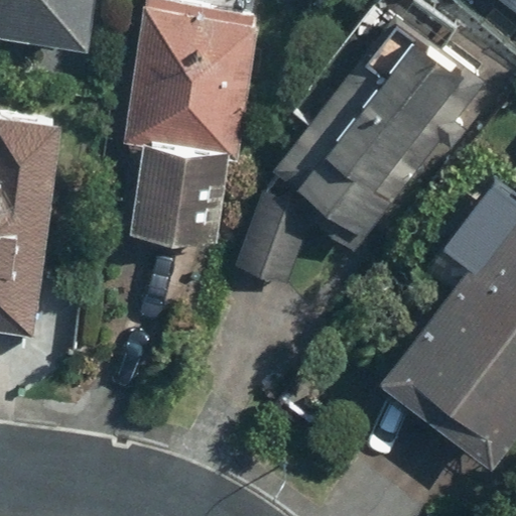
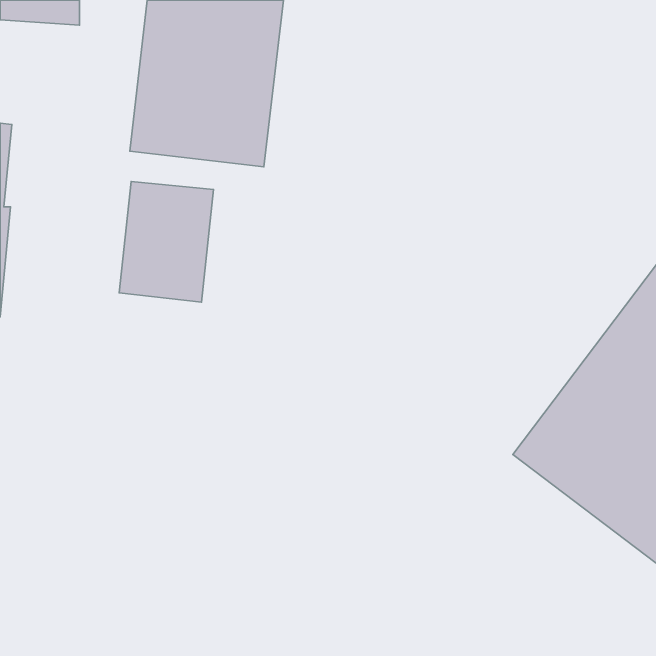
building: [251,42,449,252] -> none

